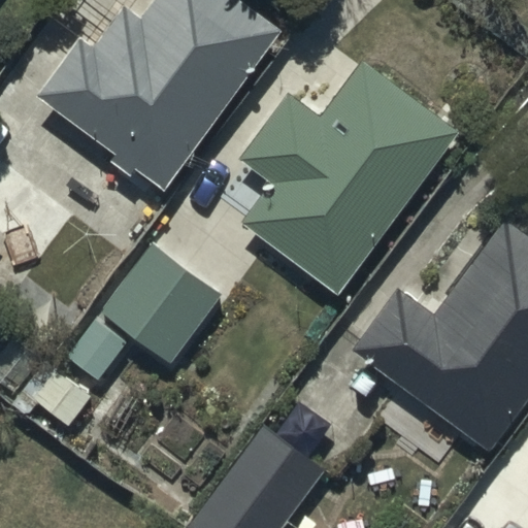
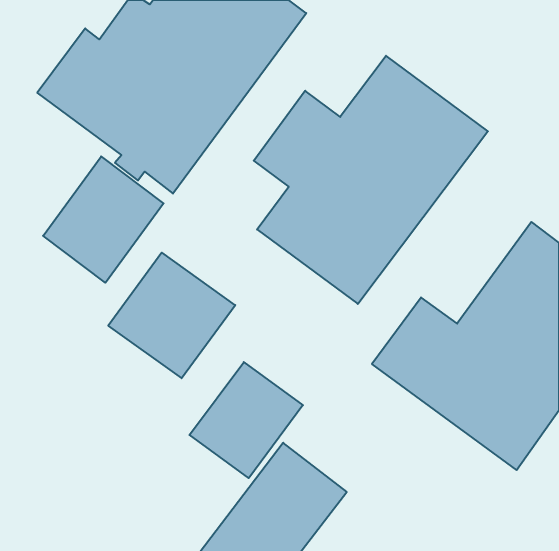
building: none -> [43,156,164,283]
building: none -> [189,362,303,478]

